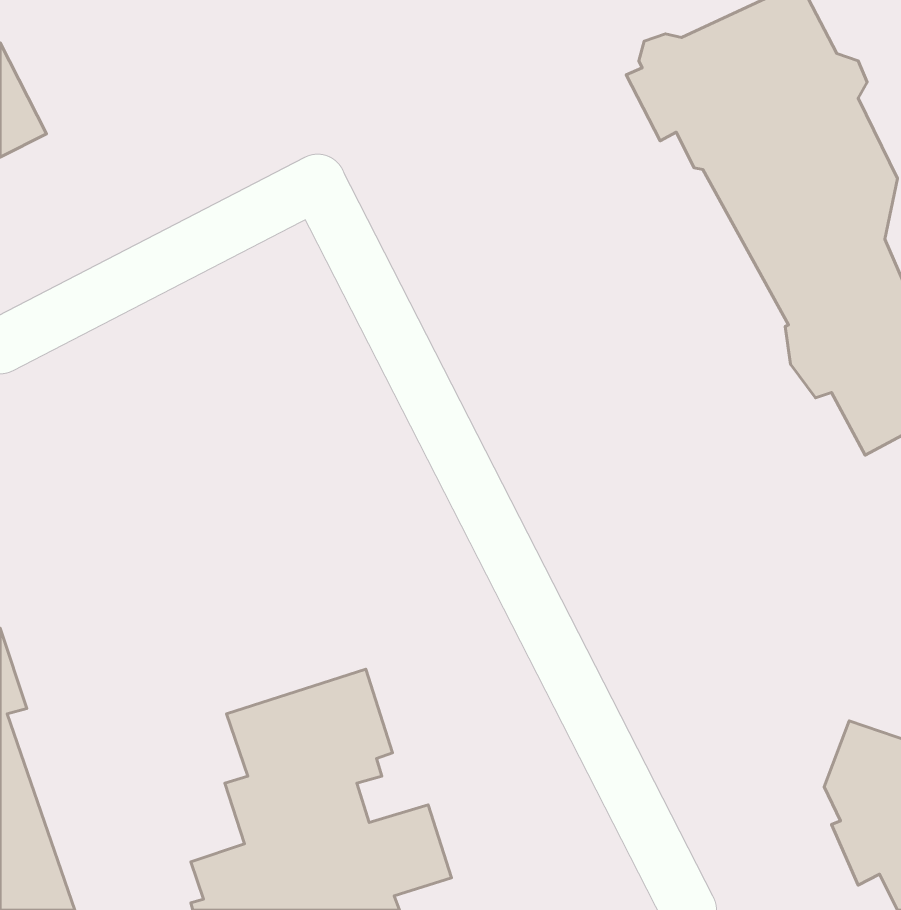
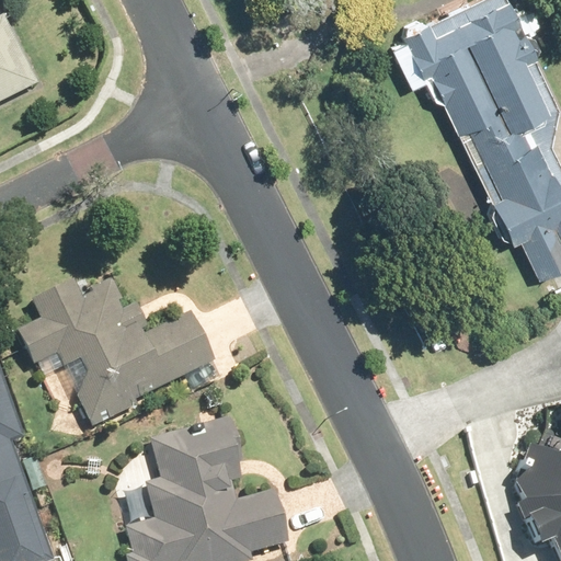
building: none -> [22,276,218,427]

